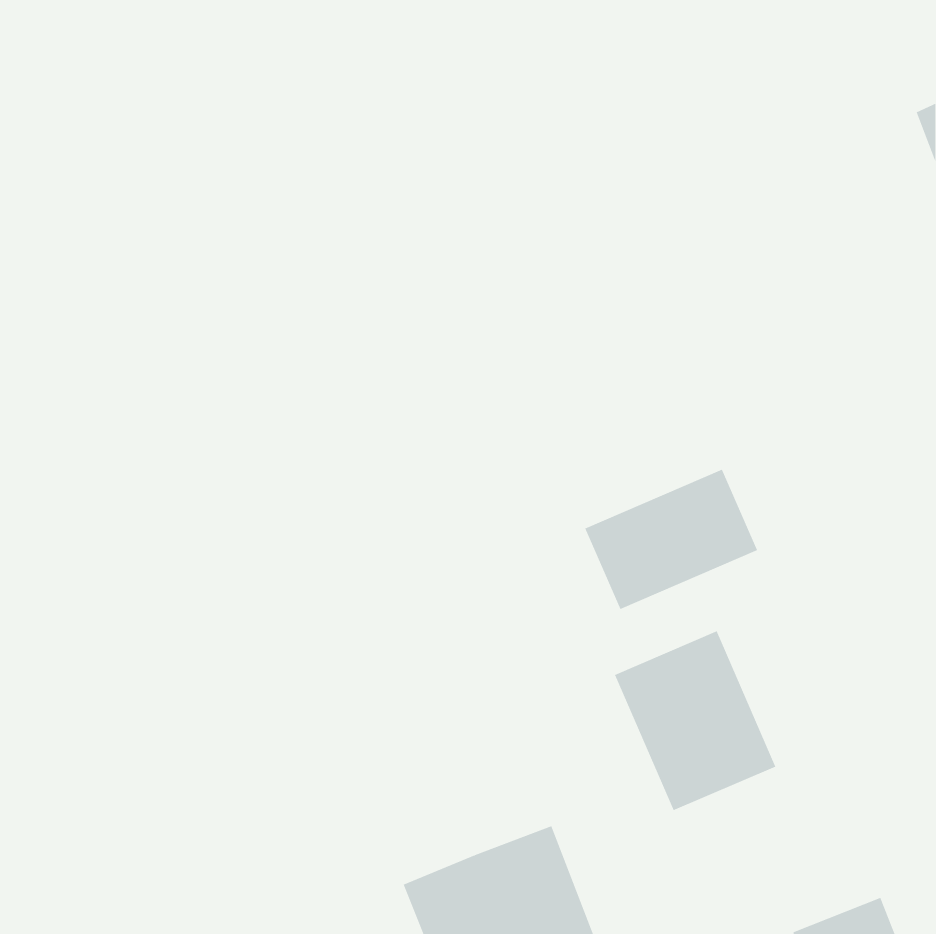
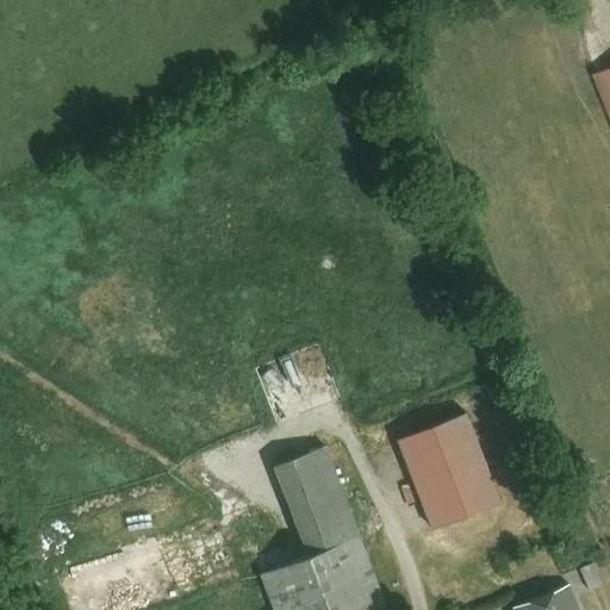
building: [585,469,758,610] -> none
building: none -> [273,450,357,558]

